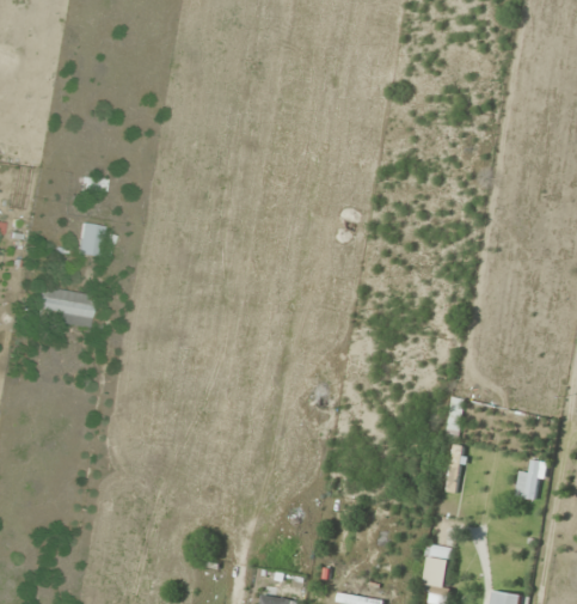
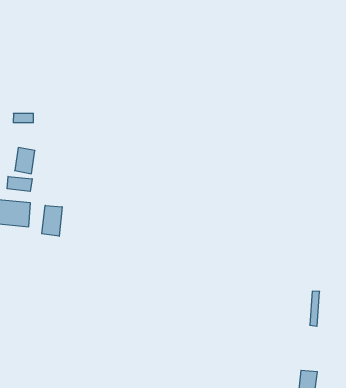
building: none -> [7,176,32,191]
building: none -> [42,205,62,236]

